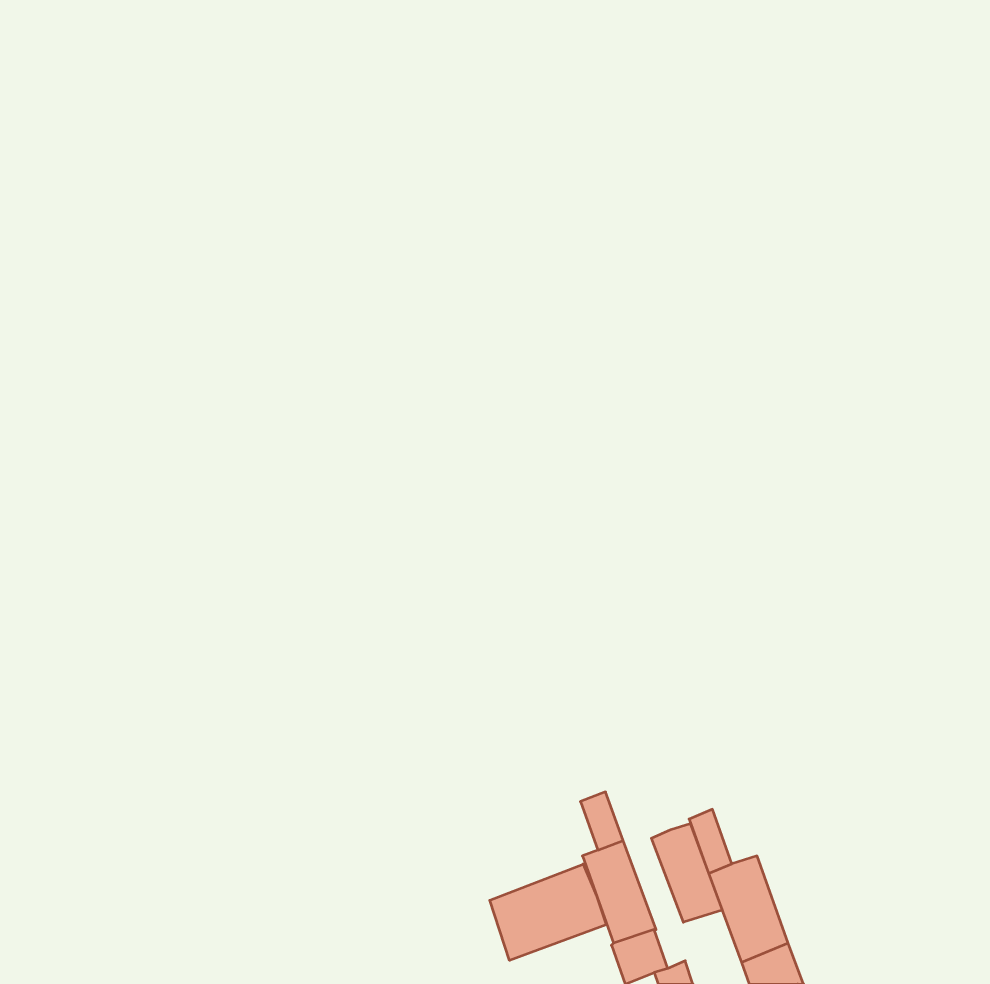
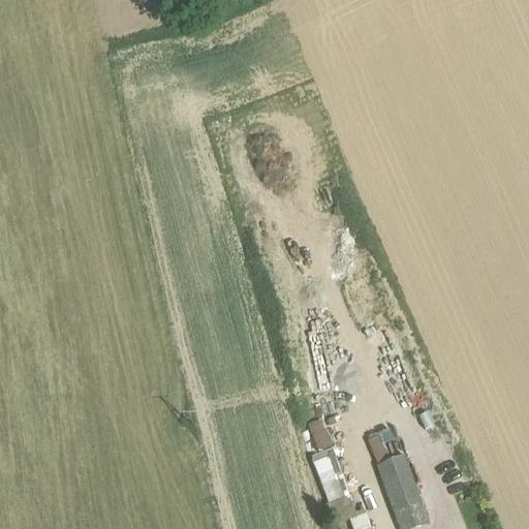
building: [651,824,722,922] -> none
building: [490,864,606,960] -> none

